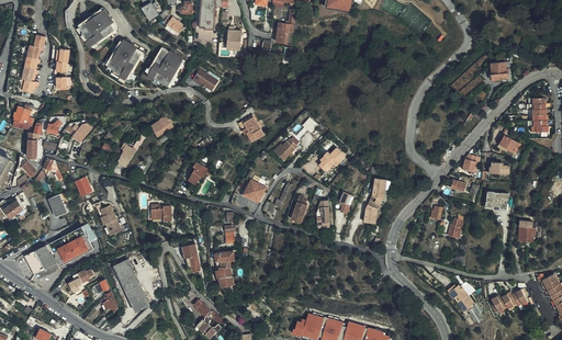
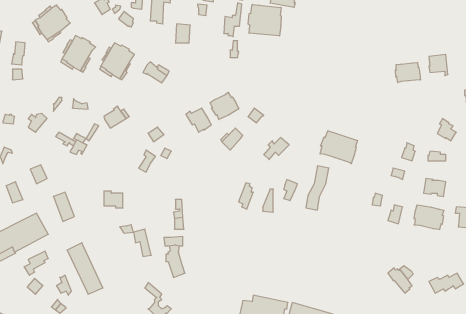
building: none -> [248,4,281,36]
building: none -> [396,62,420,83]
building: none -> [210,92,239,120]
building: none -> [320,131,357,164]
building: [243,173,268,203] -> none
building: none -> [414,205,444,230]

